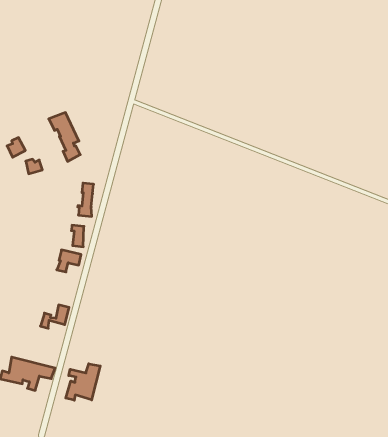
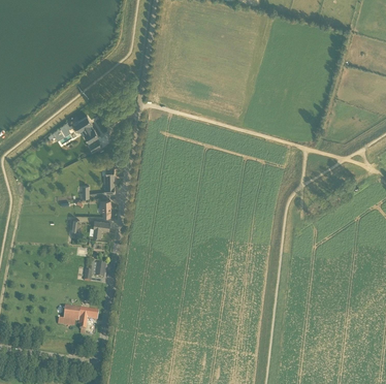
building: [66,364,100,400] -> none

